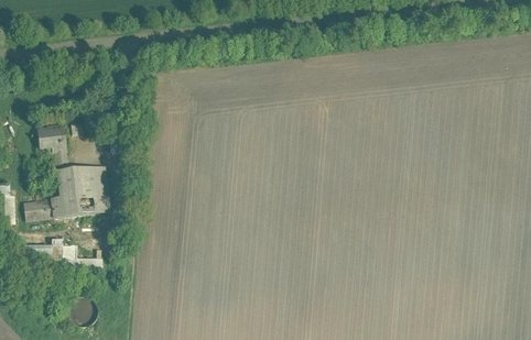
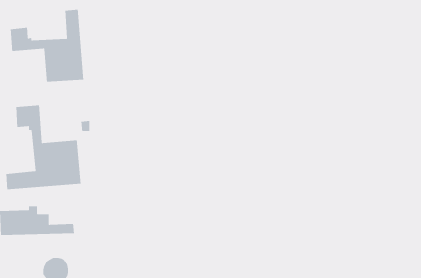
building: none -> [10,9,84,83]

